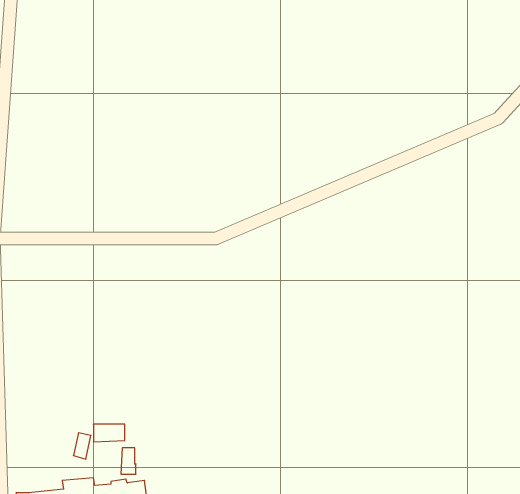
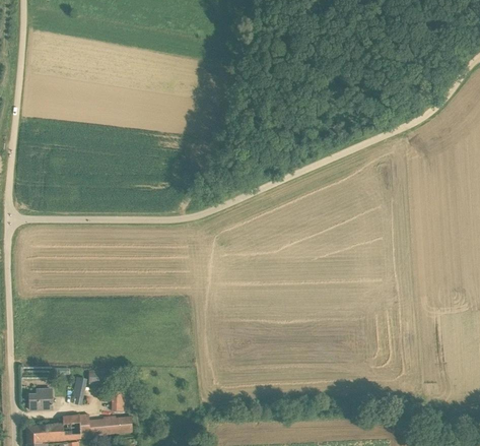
building: none -> [28,389,53,409]

